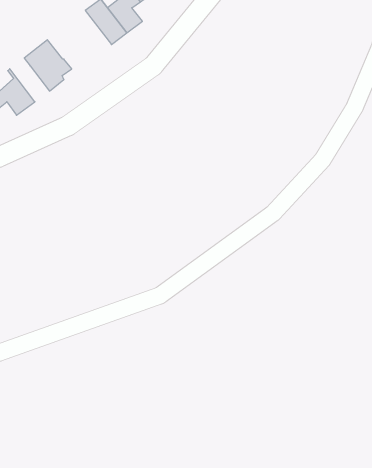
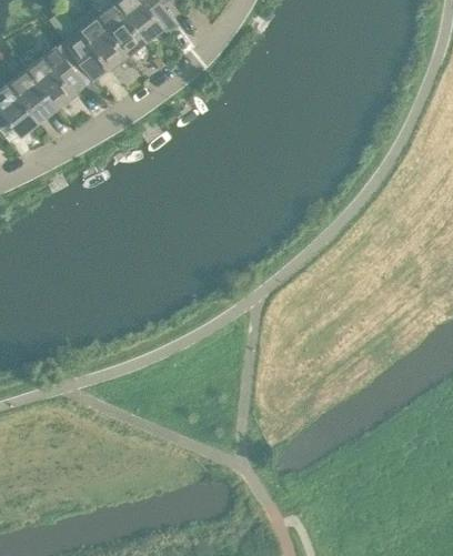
building: none -> [67,14,130,79]
building: none -> [13,69,59,119]

